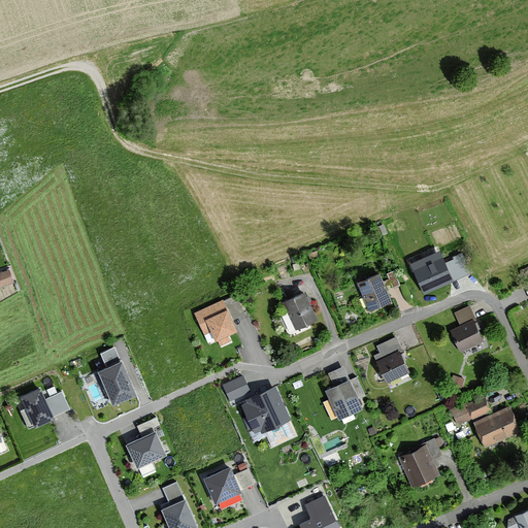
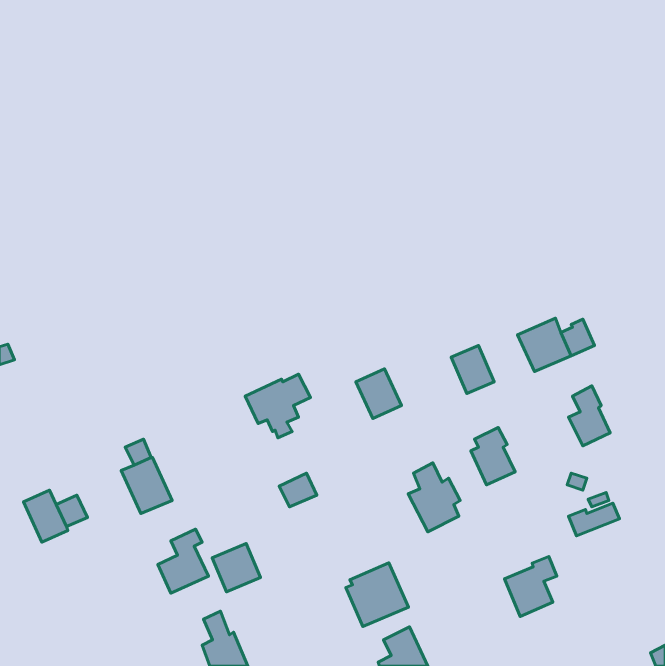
building: [240,388,290,438] -> [346,563,408,627]
building: [472,406,520,448] -> none
building: [202,467,240,505] -> [212,544,261,592]

